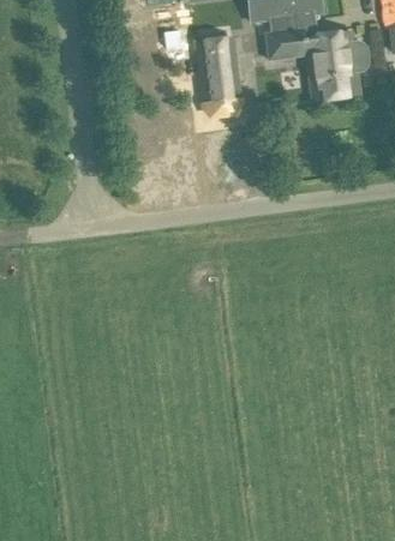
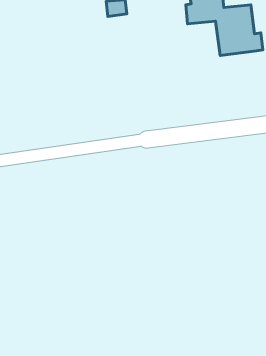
building: [194,41,241,97] -> none

